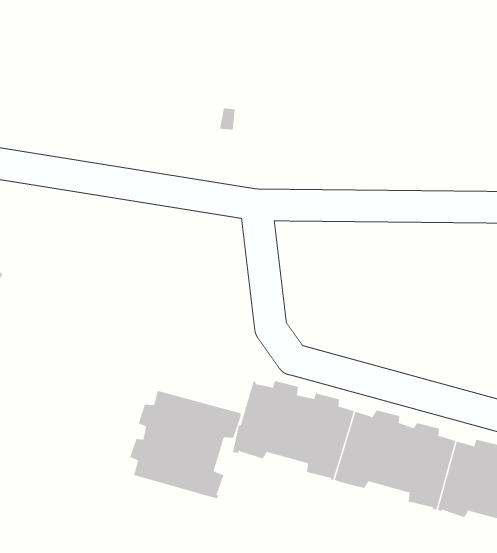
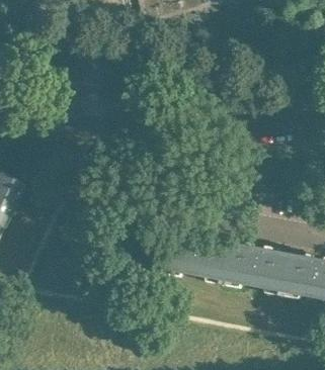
building: [130,390,242,499] -> none

